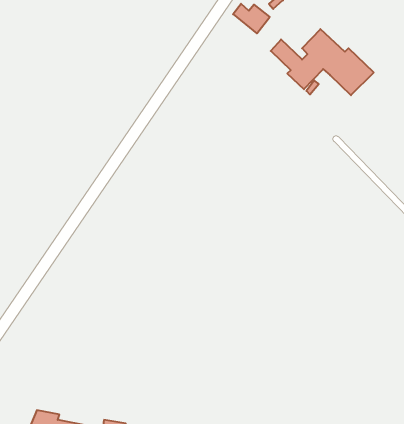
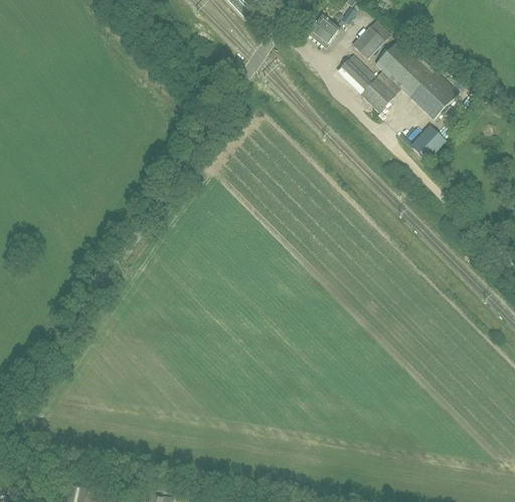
building: none -> [353,25,385,57]
building: none -> [413,125,446,157]

